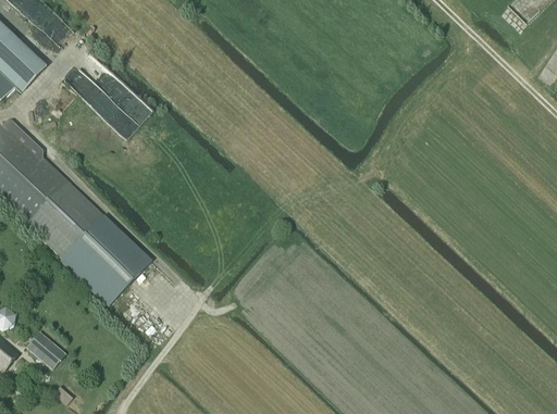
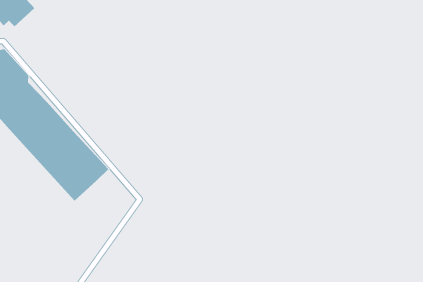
building: [25,329,65,368] -> none

